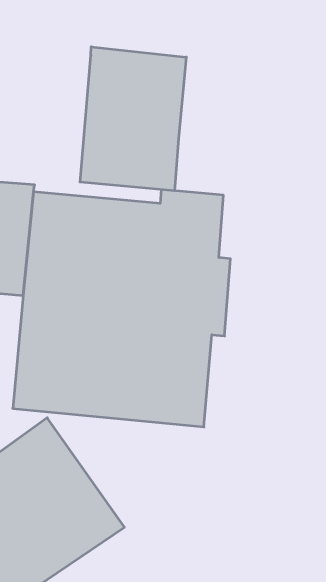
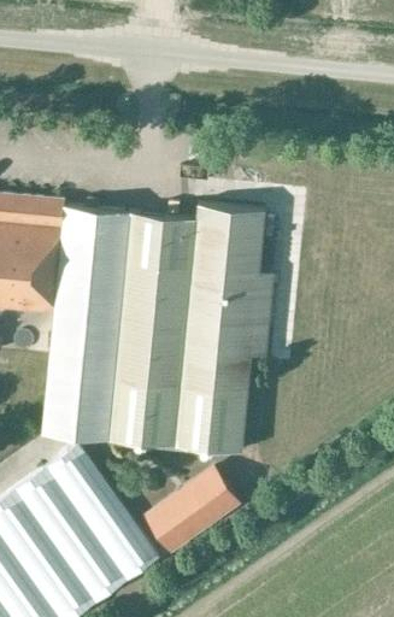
building: [80,47,186,191] -> none
building: none -> [145,465,240,553]

